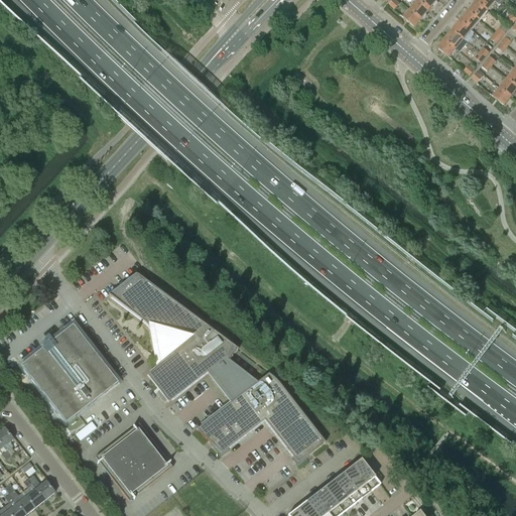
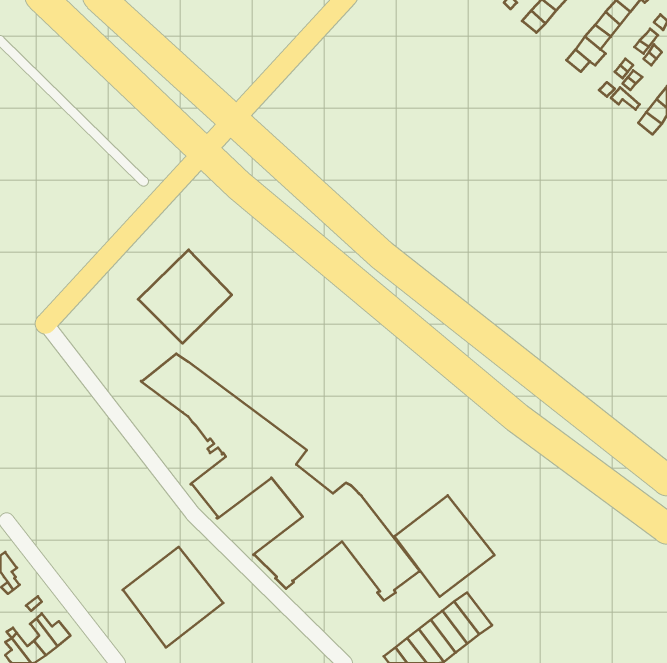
building: none -> [138,250,232,343]
building: [20,322,117,421] -> none
building: none -> [395,495,494,597]

